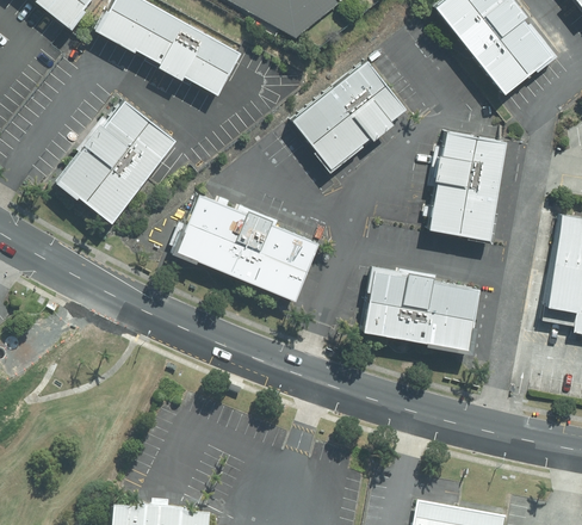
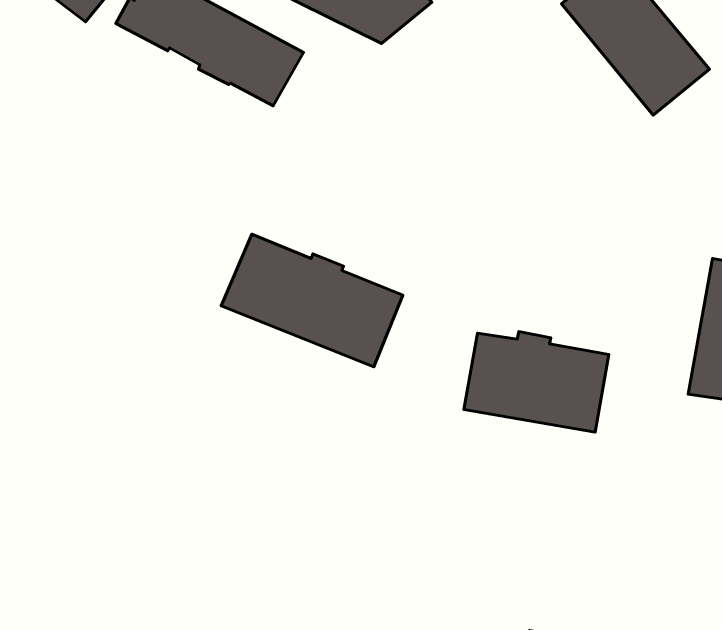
building: [292,58,407,166] -> none
building: [55,99,174,220] -> none
building: [429,132,506,237] -> none

